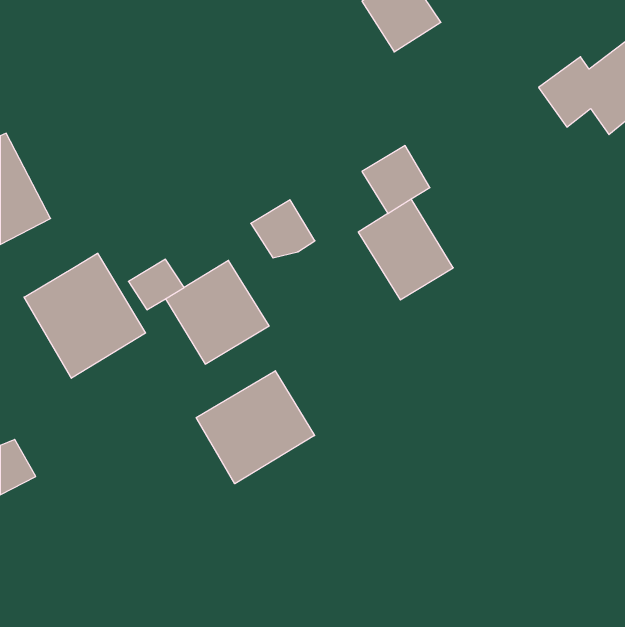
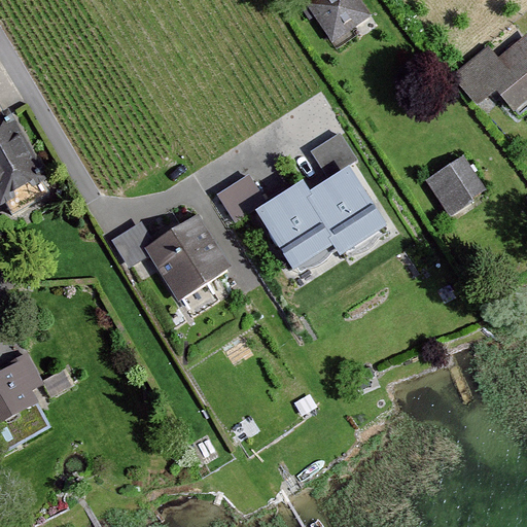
building: none -> [426,156,487,215]
building: none -> [253,183,333,270]
building: [24,253,146,378] -> none
building: [196,371,315,484] -> none

